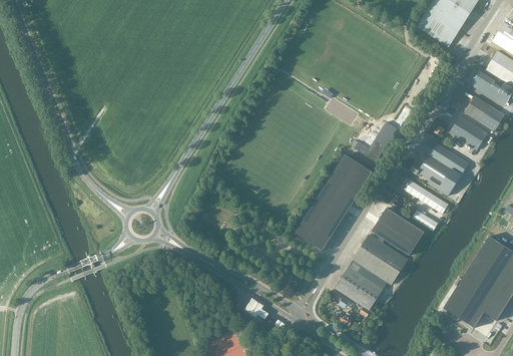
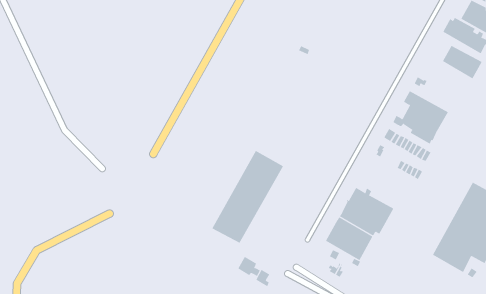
building: [449,115,487,155] -> none
building: [351,121,396,161] -> none
building: [295,155,372,250] -> [212,150,284,244]
building: [371,208,424,255] -> none

